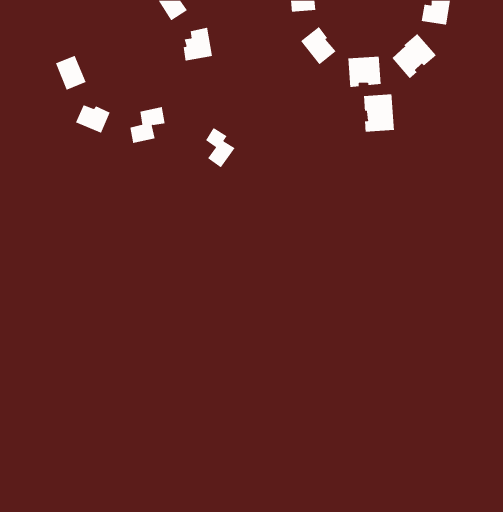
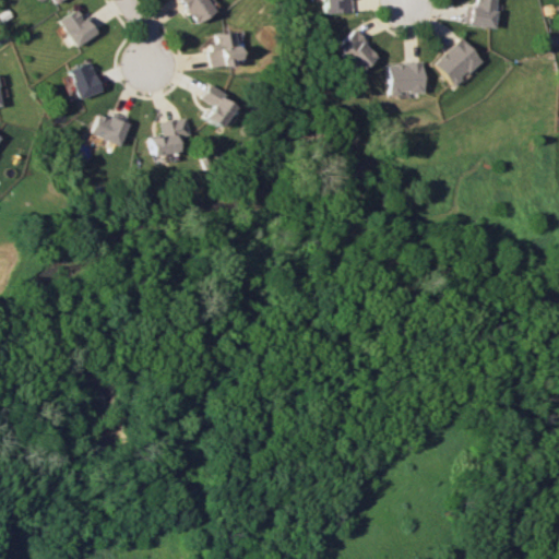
building: none -> [62,9,103,46]
building: [363,94,394,133] -> none
building: [205,127,235,168] -> [202,84,235,129]

